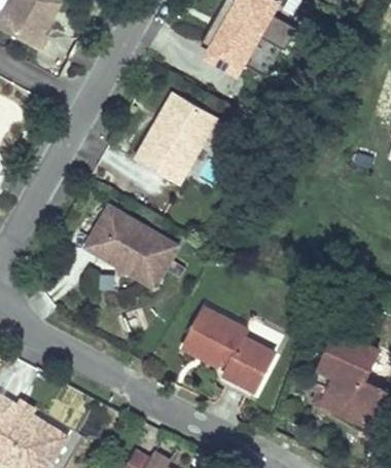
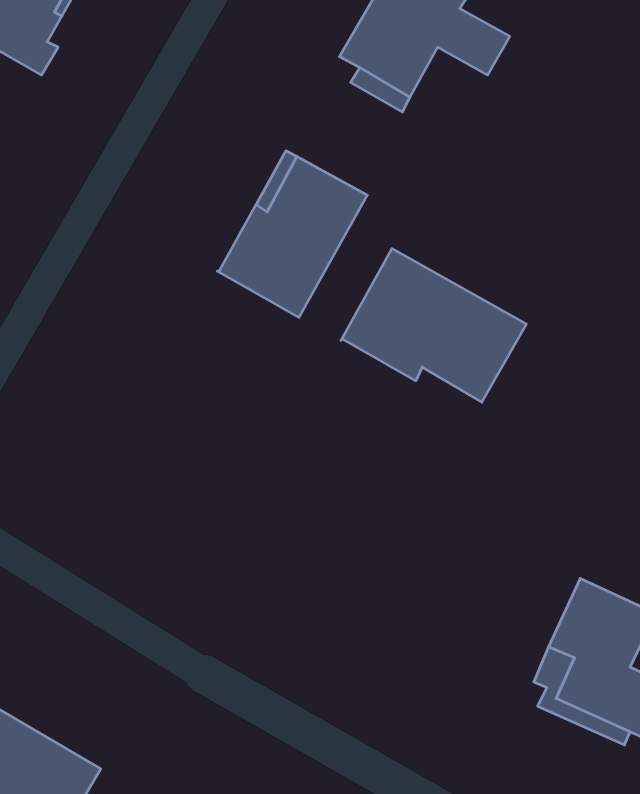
building: none -> [341,249,526,402]
building: [84,206,179,288] -> none
building: [184,308,275,389] -> none

